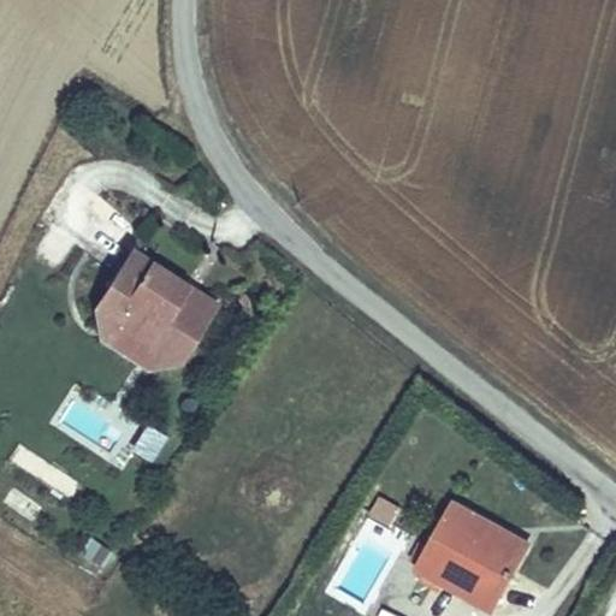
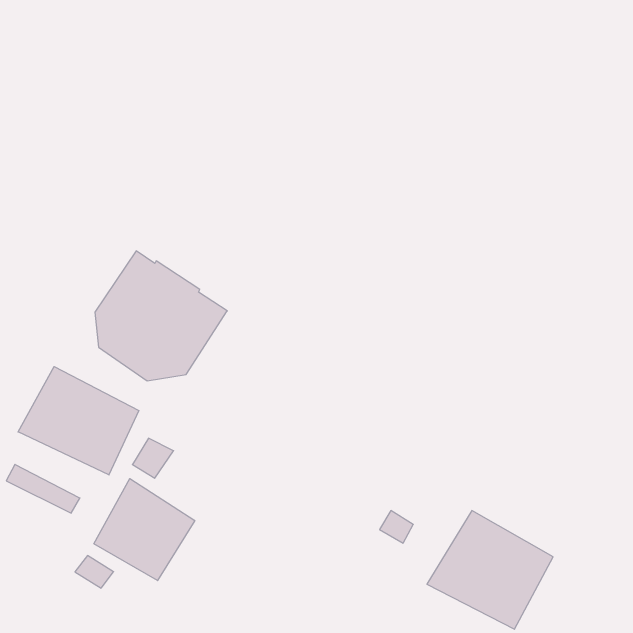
building: none -> [18,367,139,475]
building: none -> [94,479,195,581]

